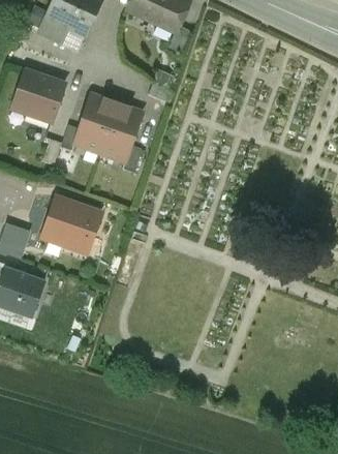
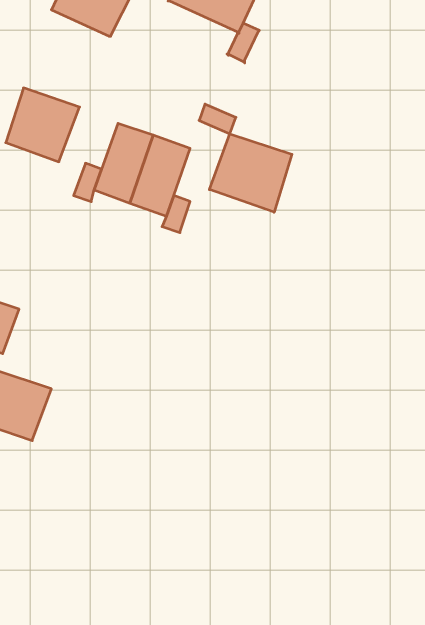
building: [37,14,85,49] -> none
building: none -> [209,134,292,212]
building: [41,196,99,251] -> none

